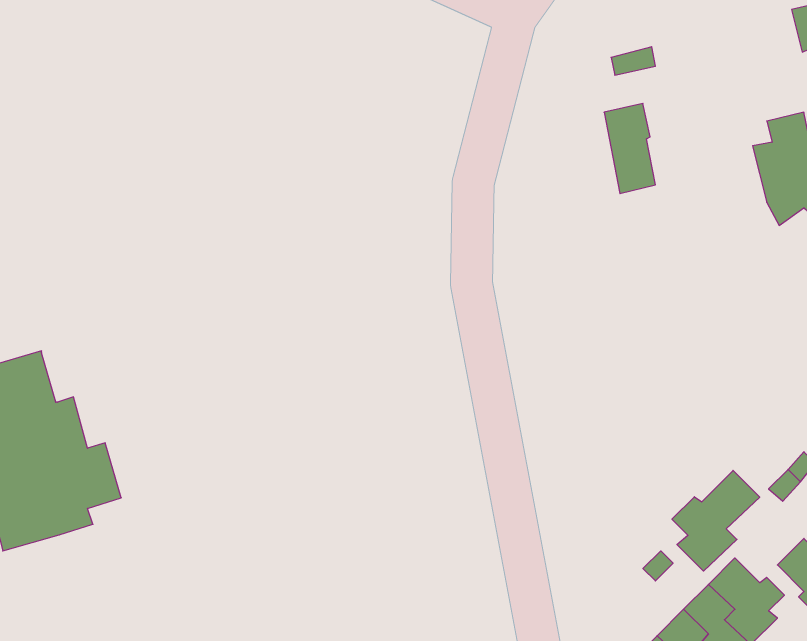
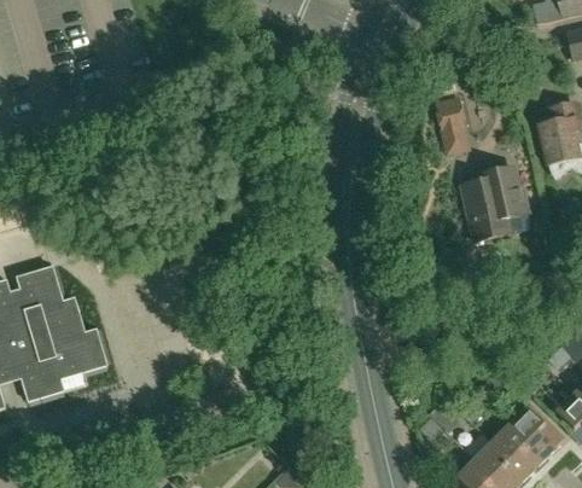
building: none -> [467,168,528,242]
building: [672,470,760,571] -> none

